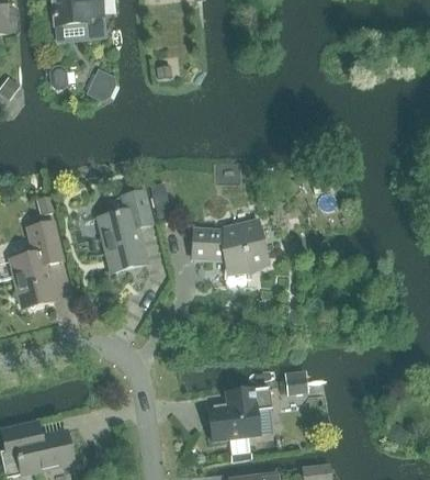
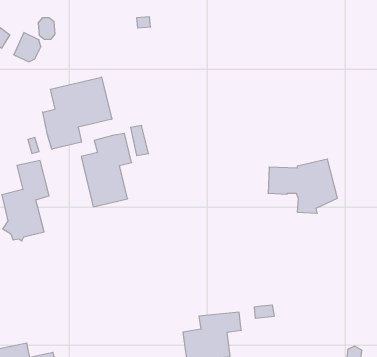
building: [88,68,117,100] -> [14,33,41,62]
building: none -> [43,77,112,149]
building: [193,220,269,279] -> [268,159,337,213]

